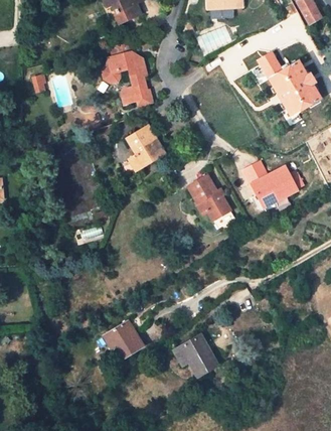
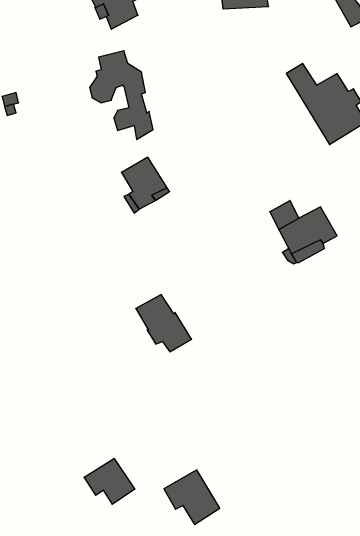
building: [187,175,231,221] -> [136,295,192,352]
building: [104,321,144,357] -> [84,459,135,504]
building: [174,334,218,378] -> [164,470,220,524]

